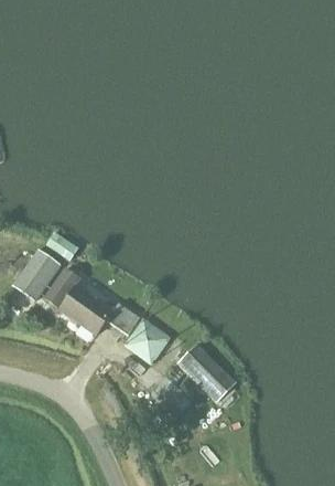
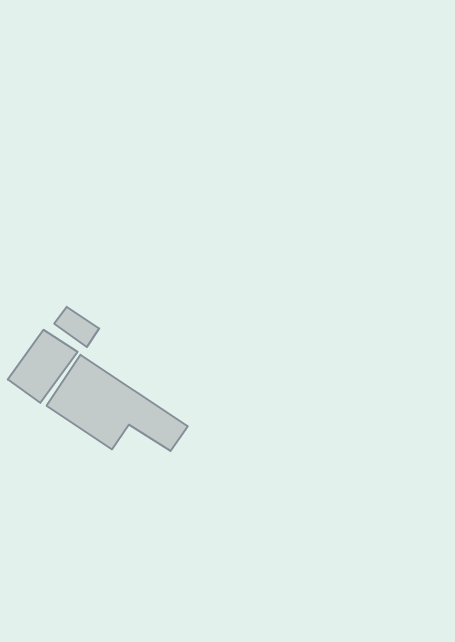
building: [123,316,171,362] -> none
building: [176,342,236,402] -> none

